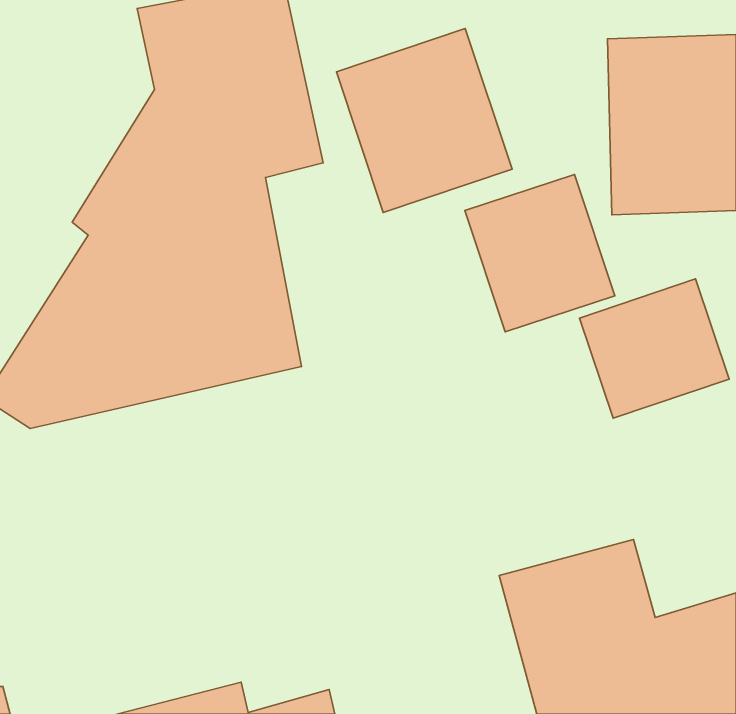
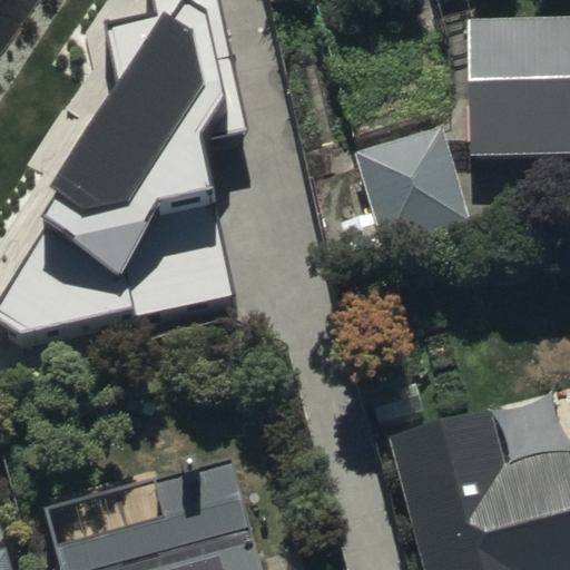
building: [336,28,512,213] -> none
building: [580,279,729,418] -> none

